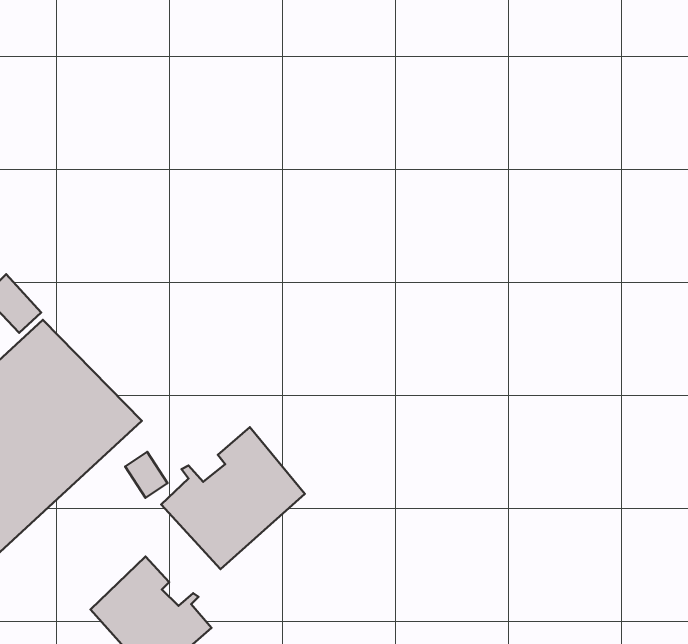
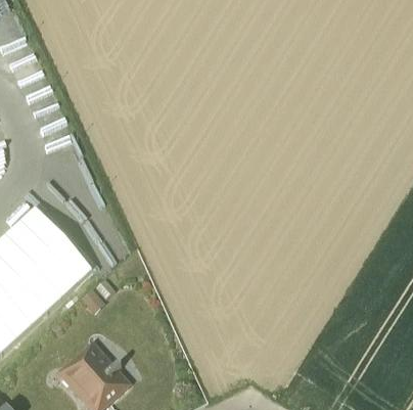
building: [161,427,305,569] -> none

